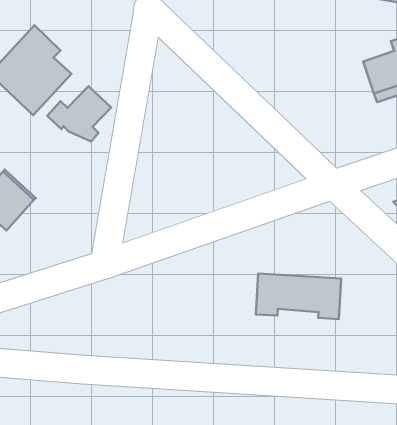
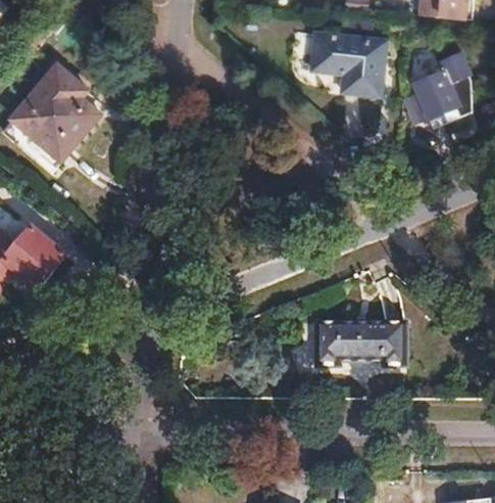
building: none -> [309,32,383,95]
building: [47,86,111,141] -> none

